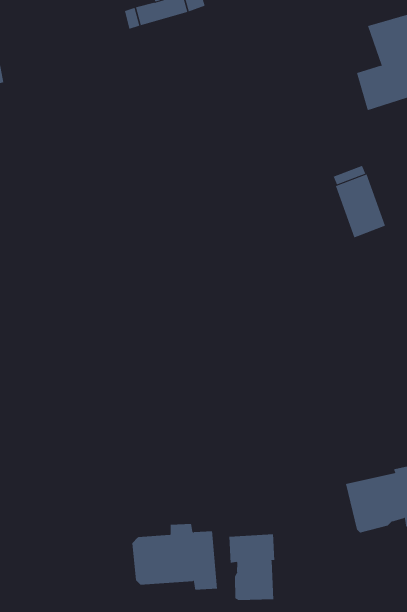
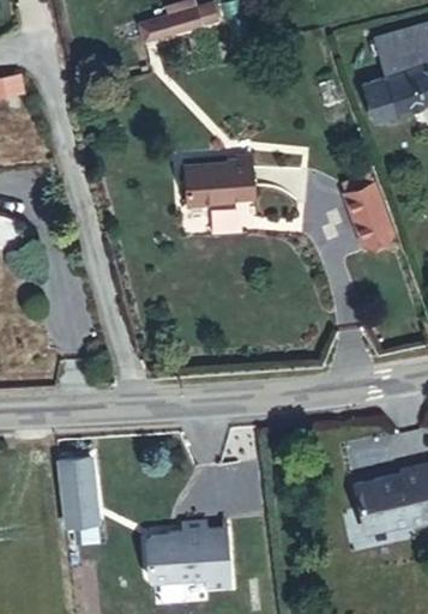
building: none -> [186,163,253,205]
building: none -> [60,459,100,528]
building: [229,534,275,601] -> none

